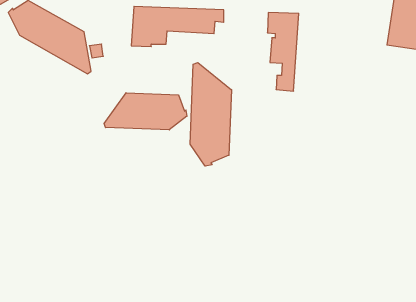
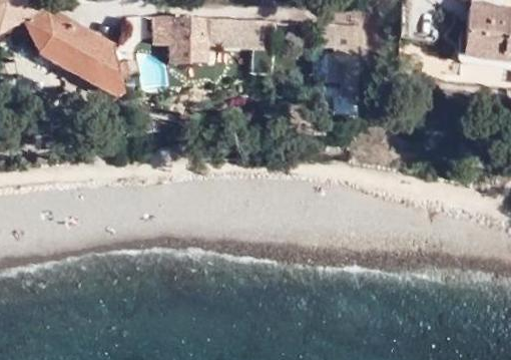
building: [190,63,232,166] -> none
building: [104,93,187,130] -> none

